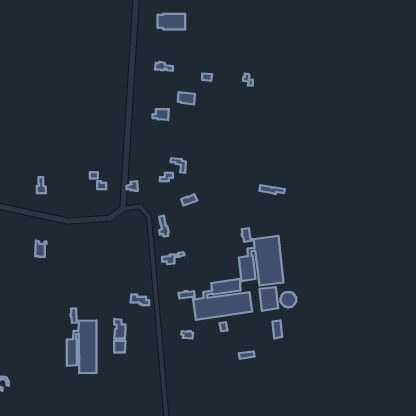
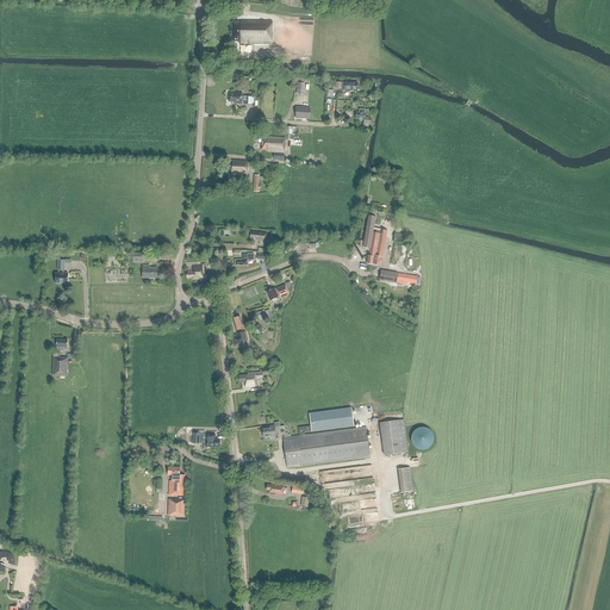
building: none -> [362,216,386,264]
building: [239,228,284,286] -> none
building: [67,308,96,373] -> none

